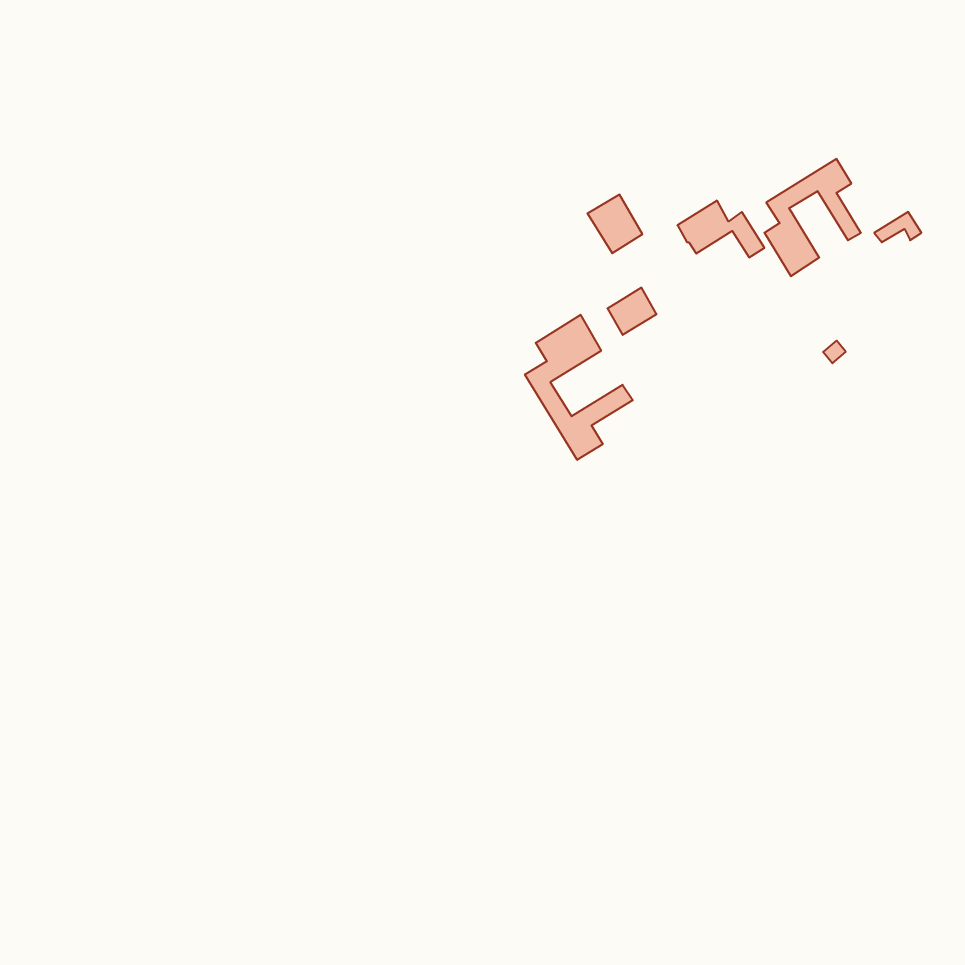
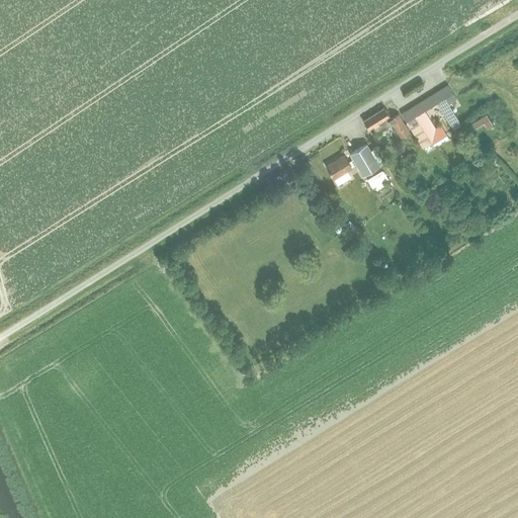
building: [587,195,642,253] -> [350,145,379,176]
building: [525,315,633,460] -> none

